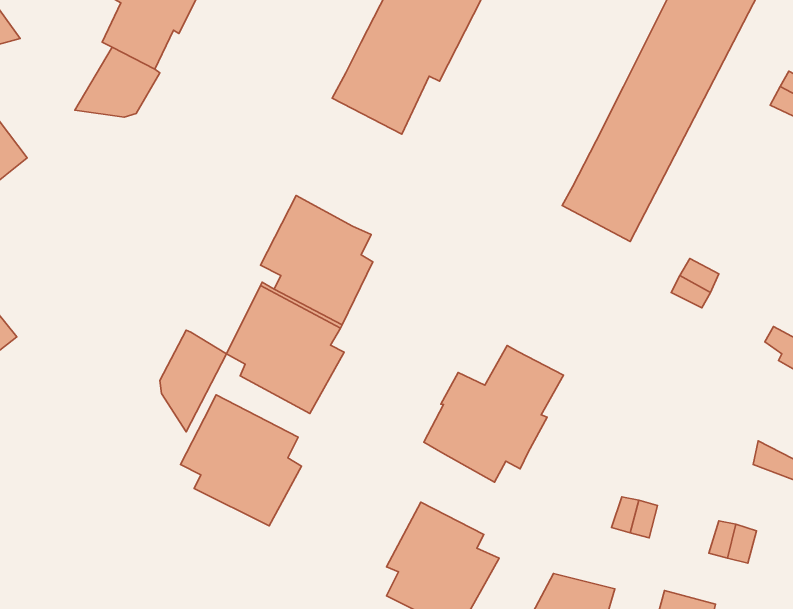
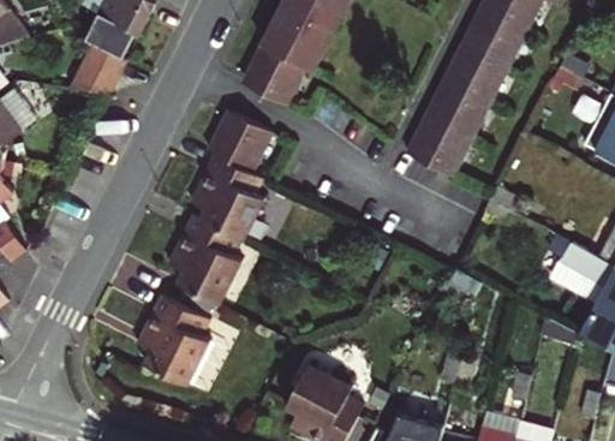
building: none -> [210,102,279,168]
building: [160,330,226,432] -> none
building: [424,345,564,482] -> none

